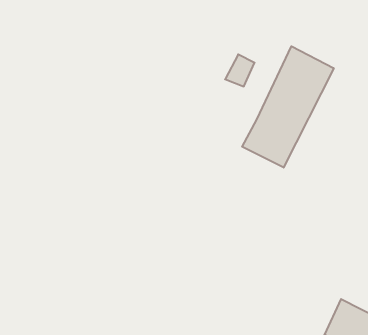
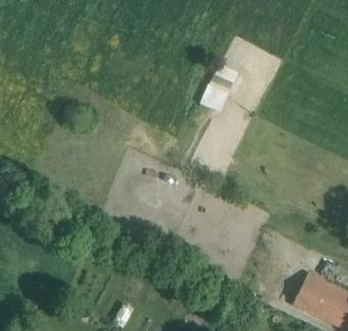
building: [242,46,334,168] -> none

